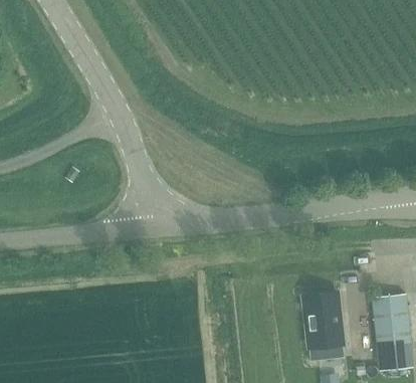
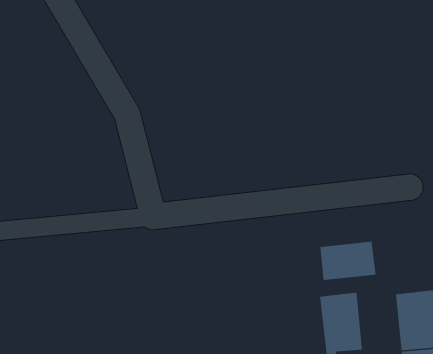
building: none -> [320,241,376,281]

